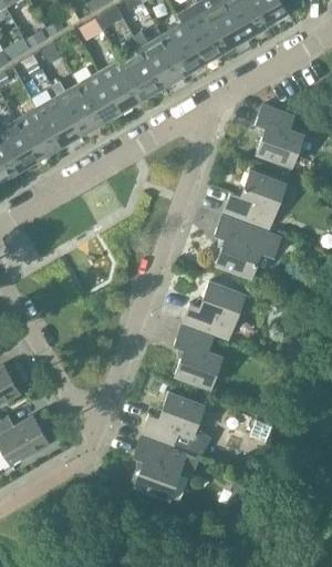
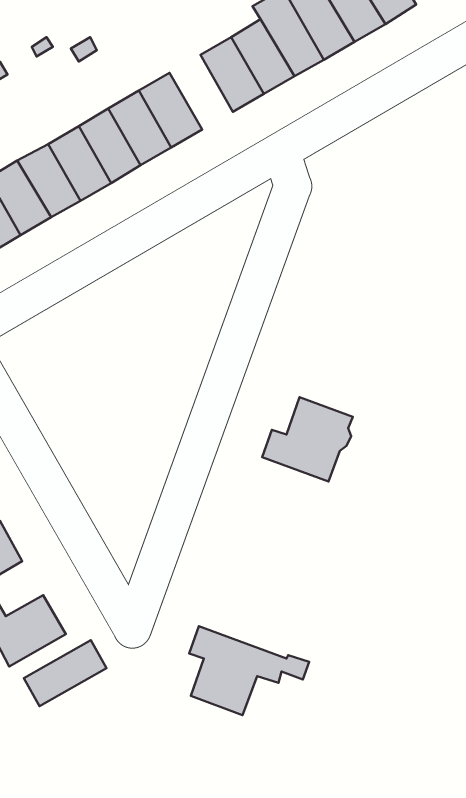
building: [120,48,163,99] -> none
building: [255,105,303,166] -> none
building: [222,171,286,228] -> none
building: [215,216,280,277] -> none
building: [174,327,222,388] -> none
building: [142,392,211,455] -> none
building: none -> [24,640,106,706]

